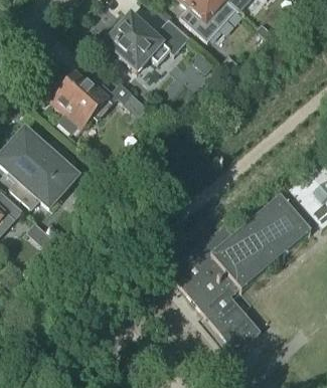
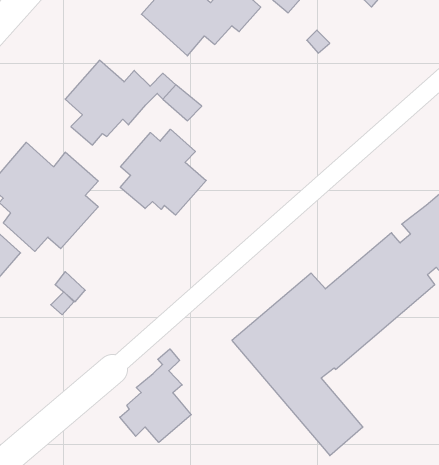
building: none -> [120,129,206,215]
building: none -> [120,349,191,442]

